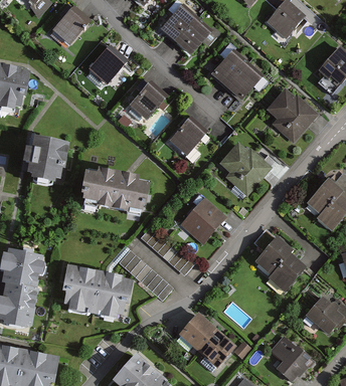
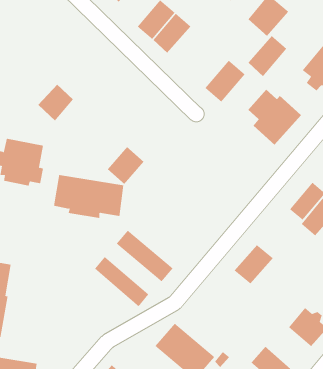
building: [52,7,88,43] -> none
building: [89,47,124,83] -> [37,84,74,121]
building: [210,47,248,87] -> [248,35,287,77]
building: [128,82,165,120] -> none
building: [168,119,204,156] -> [107,146,144,185]
building: [218,141,272,195] -> none
building: [180,196,226,243] -> none
building: [268,253,307,293] -> none
building: [60,268,133,320] -> none

